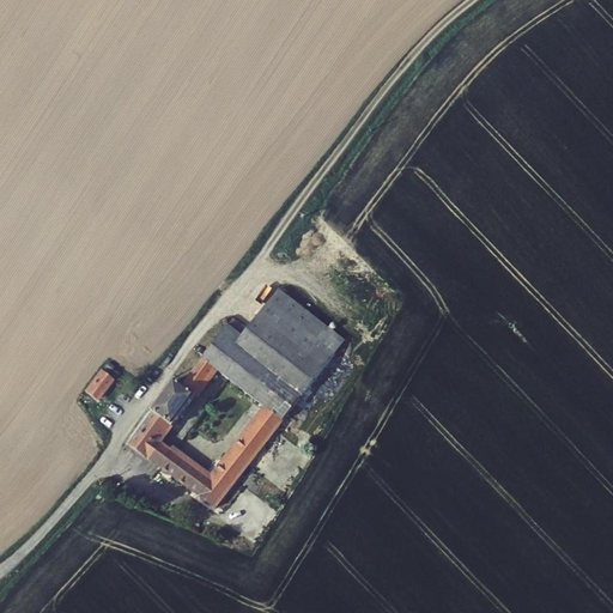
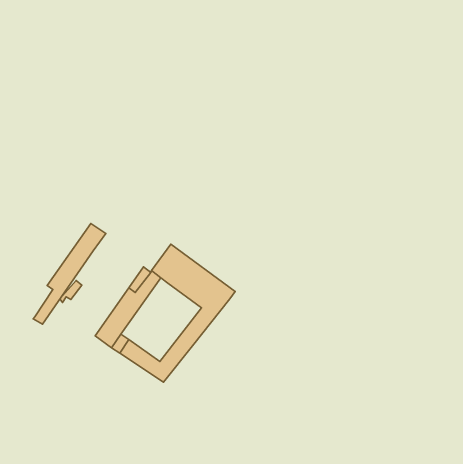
building: [226,283,346,384] -> none
building: none -> [33,224,106,324]

